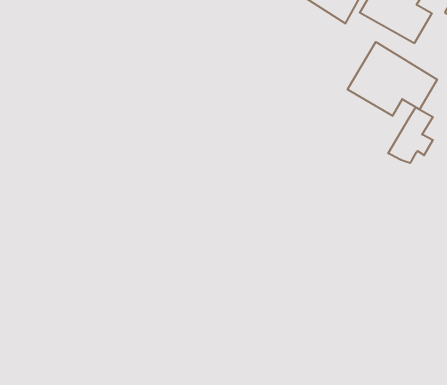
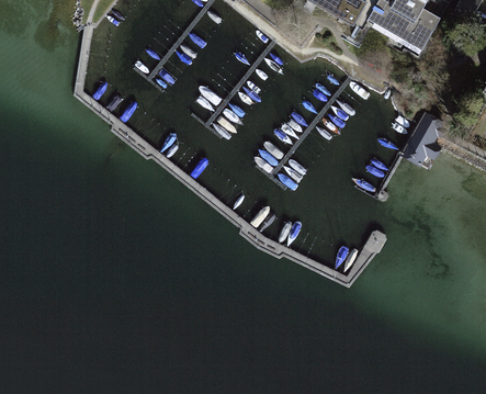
building: [348,42,437,116] -> none

